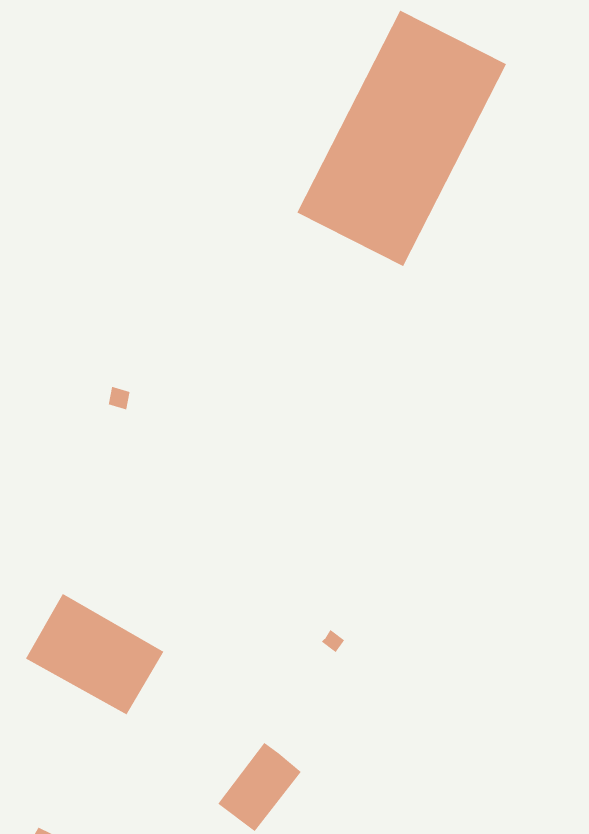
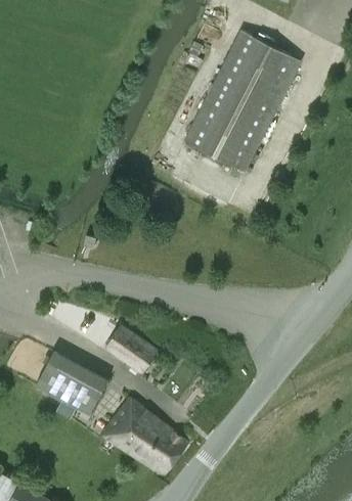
building: none -> [104,326,157,373]
building: none -> [101,396,167,462]

